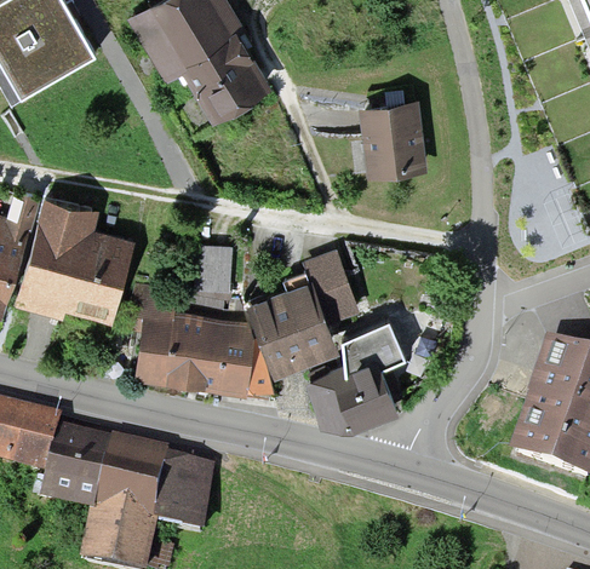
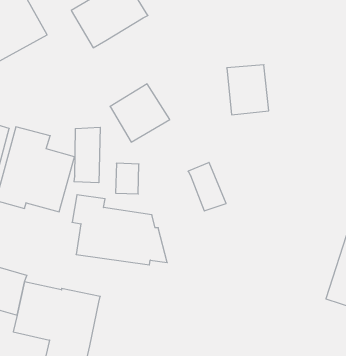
building: [181,30,270,117] -> [110,84,170,142]
building: none -> [74,127,100,183]
building: [248,266,338,369] -> none
building: [307,314,406,424] -> none
building: [156,456,217,531] -> none

